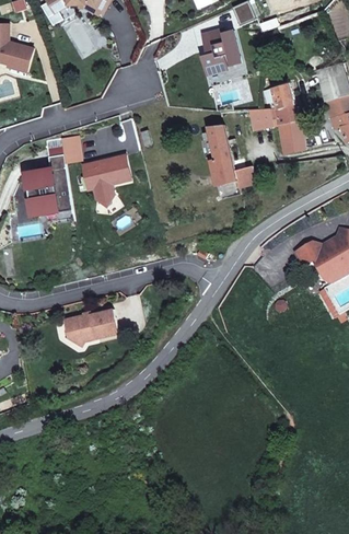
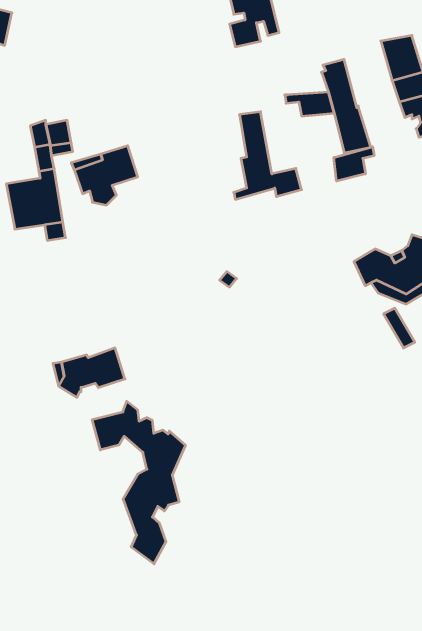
building: none -> [334,147,374,181]
building: none -> [92,401,185,564]

